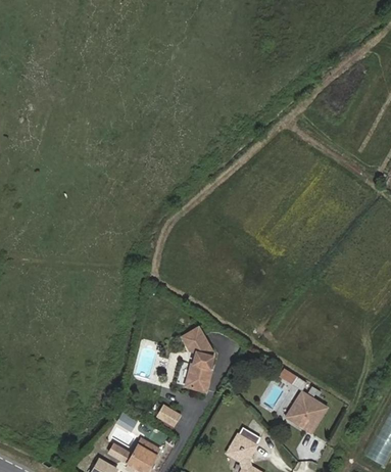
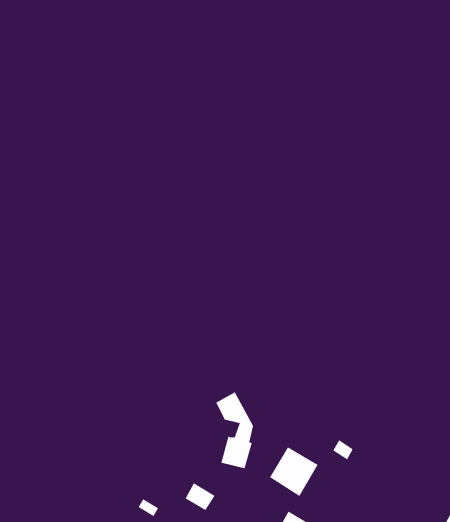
building: [284,390,325,432] -> [269,447,318,497]

